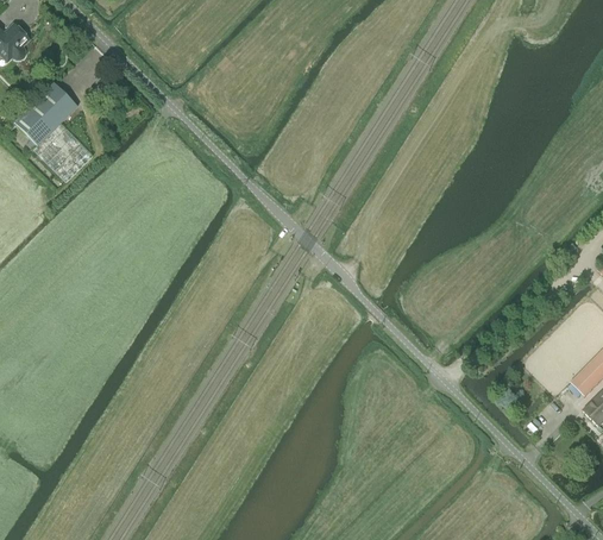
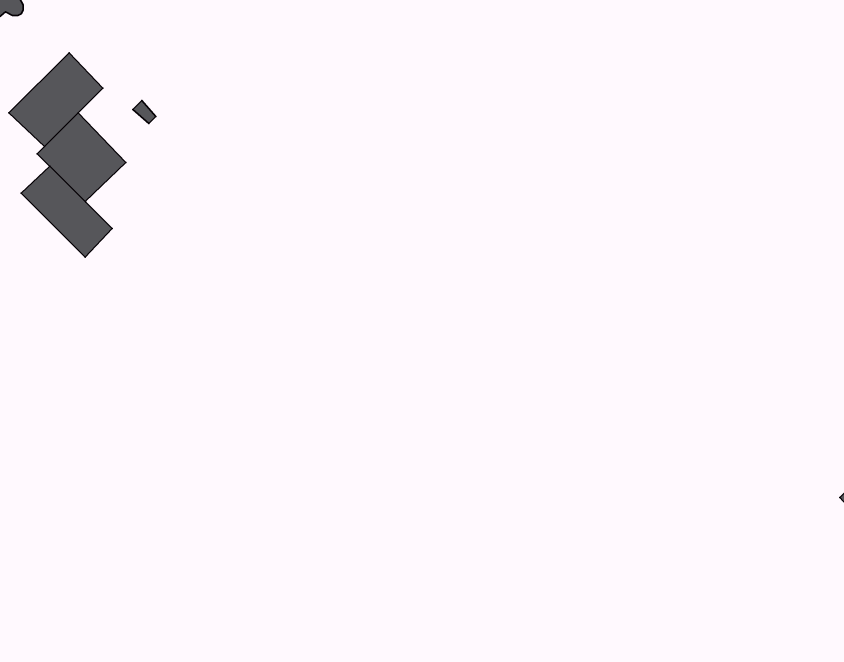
building: none -> [21,166,112,257]

